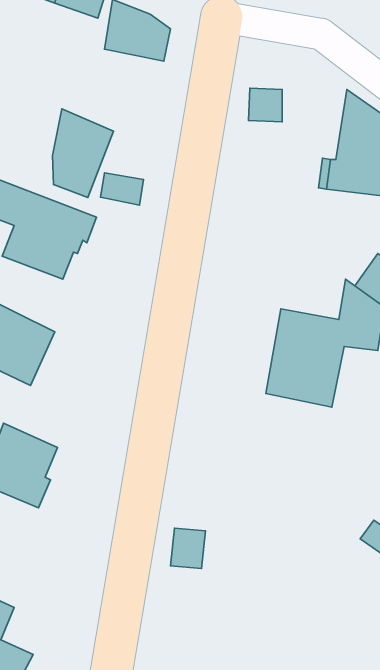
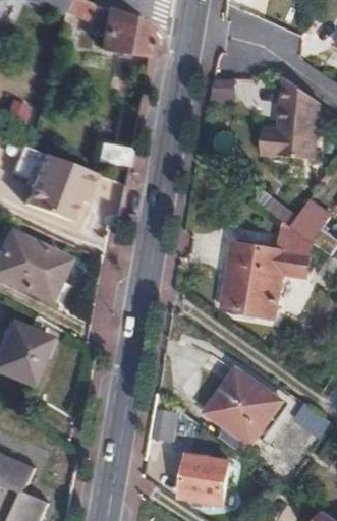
building: [52,109,113,198] -> none
building: none -> [208,367,281,441]
building: none -> [179,454,226,504]

